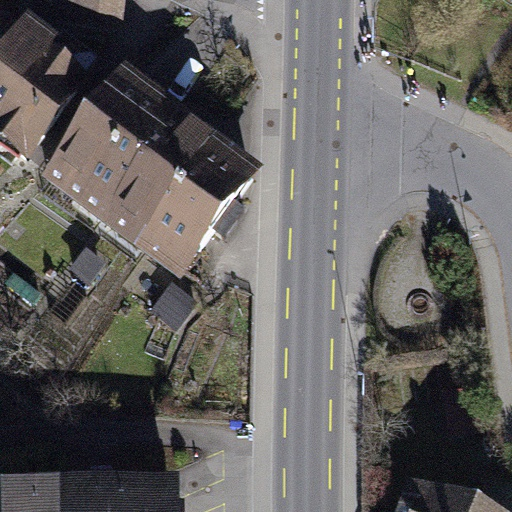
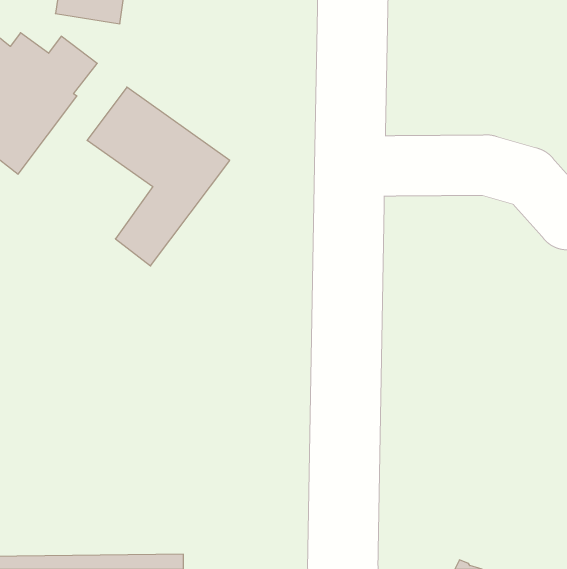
building: [44,124,135,211] -> none
building: [133,142,243,265] -> none

